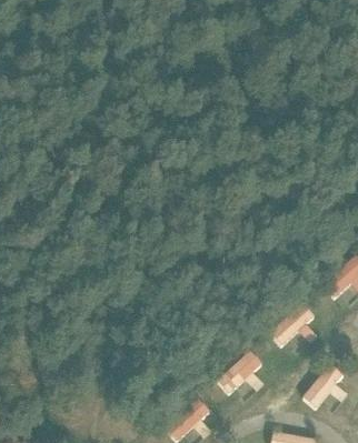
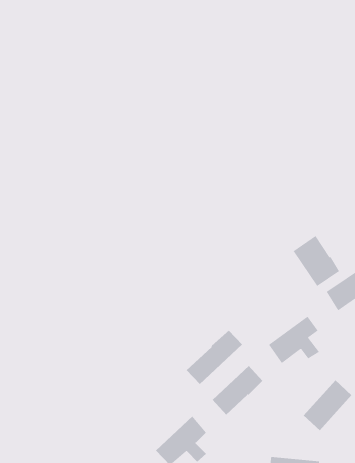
building: none -> [293,235,340,287]
building: none -> [186,330,243,385]

